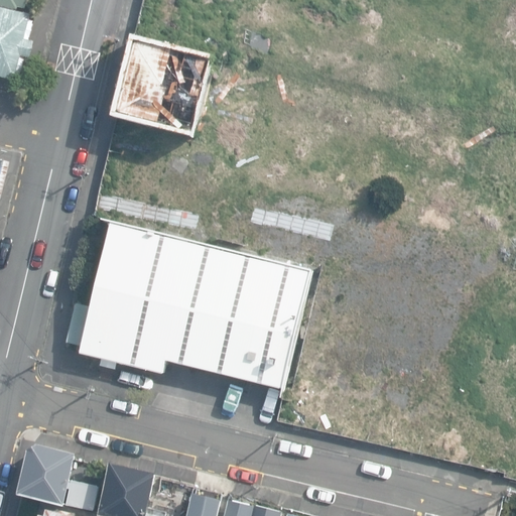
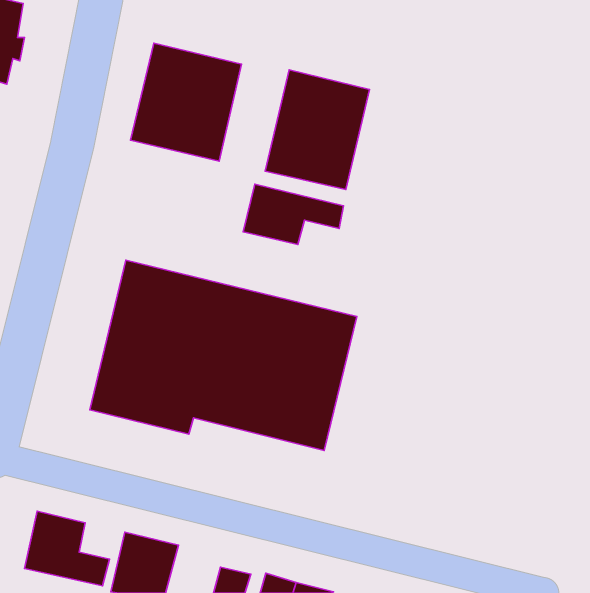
building: none -> [265,70,369,190]
building: none -> [243,184,344,244]

